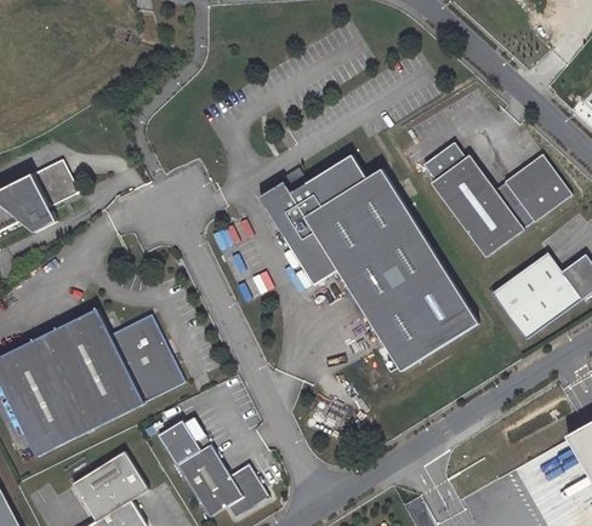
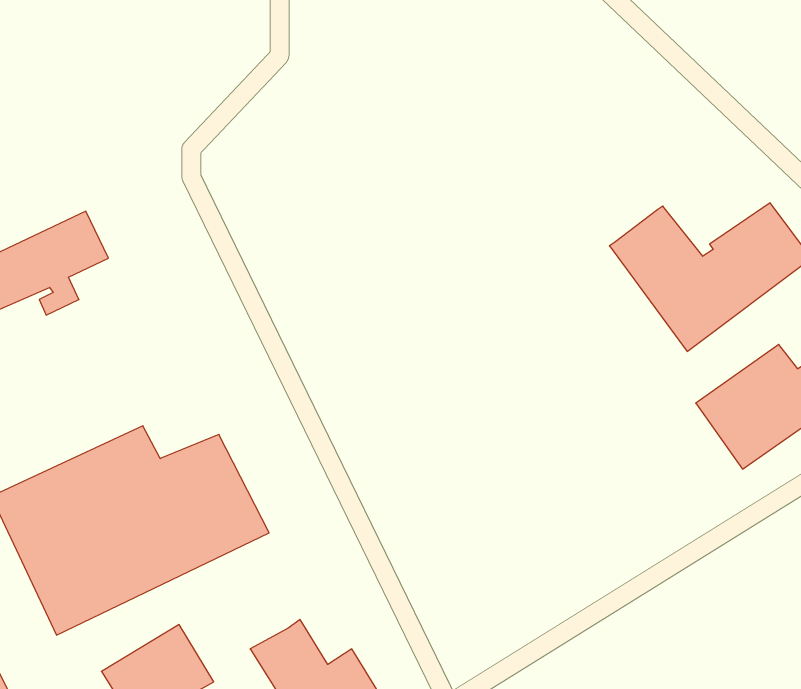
building: [421,142,462,181] -> none
building: [264,156,471,367] -> none
building: [158,419,203,465] -> none

